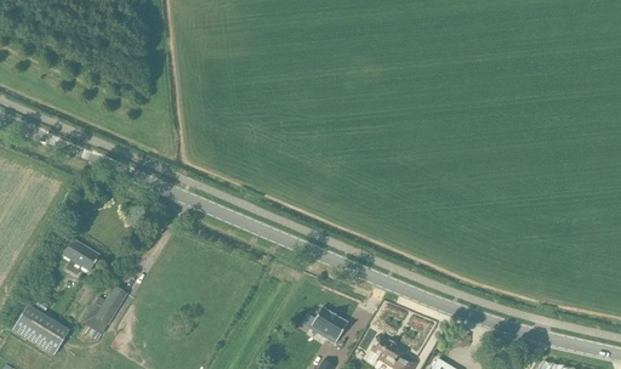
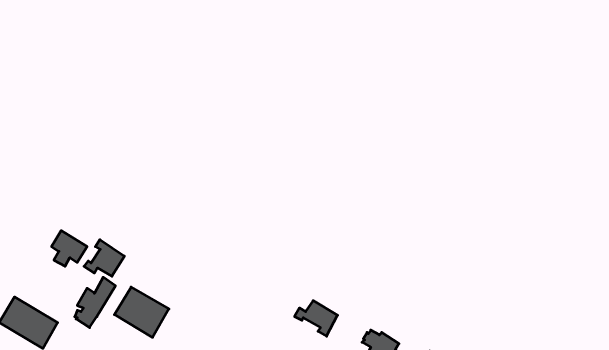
building: none -> [84,240,124,276]
building: none -> [114,287,169,337]

